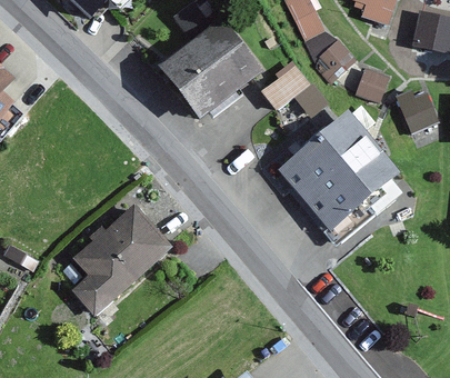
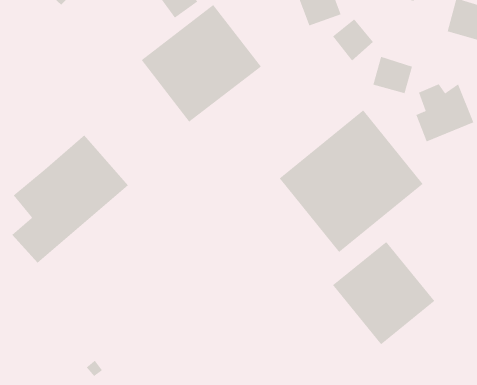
building: [260,57,327,115] -> none
building: [70,205,170,315] -> [11,134,129,263]
building: none -> [332,241,435,345]

